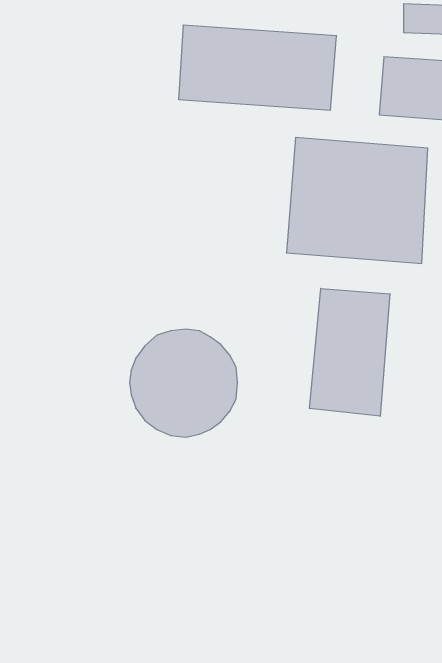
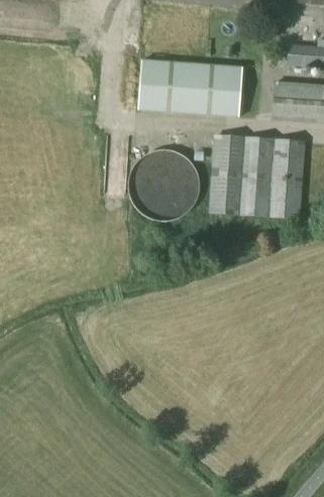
building: [310,288,390,416] -> none
building: [130,329,238,437] -> [126,148,198,220]

